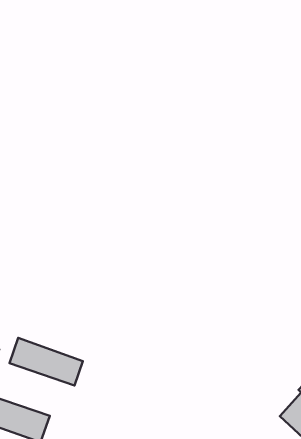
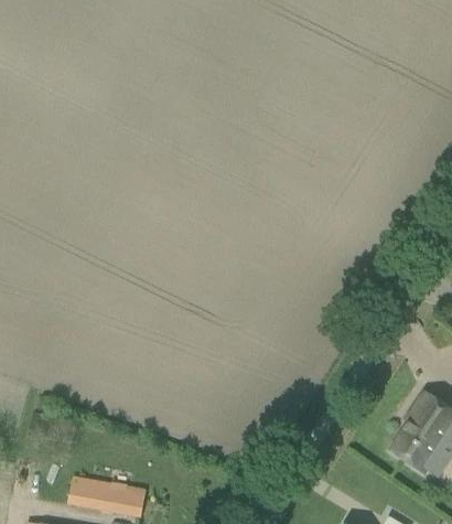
building: [9,338,83,386] -> none

